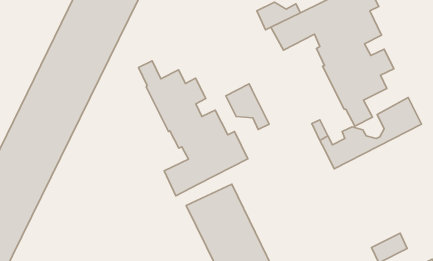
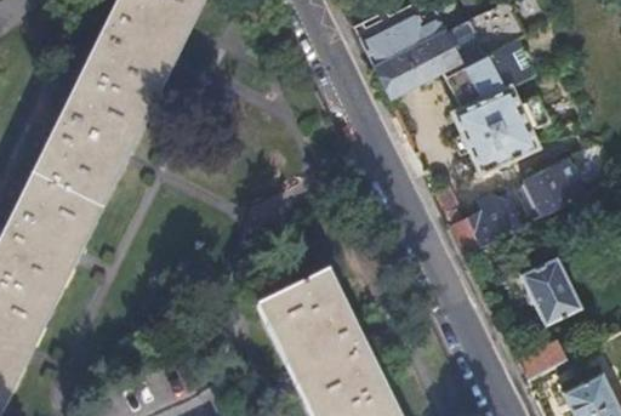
building: [138,61,248,196] -> none
building: [226,84,269,130] -> none
building: none -> [518,253,577,323]

